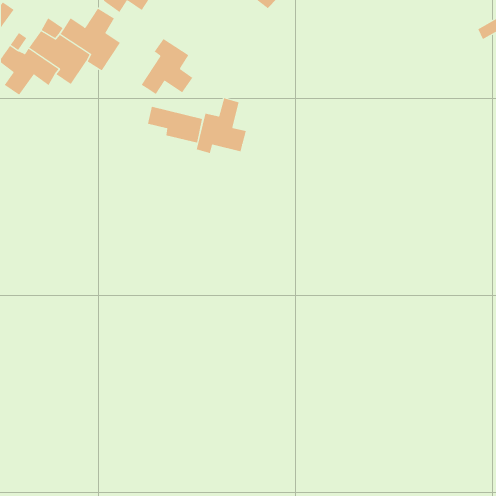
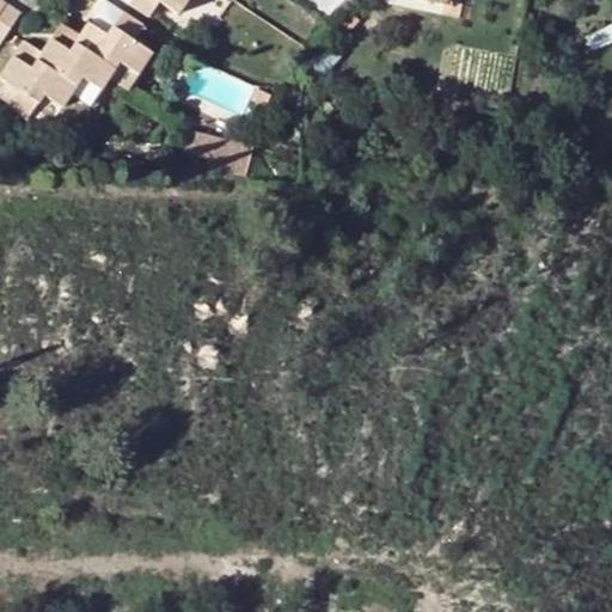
building: [141,38,193,95] -> none
building: [196,97,246,154] -> none

